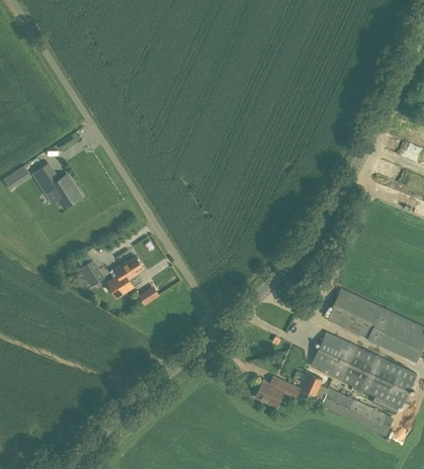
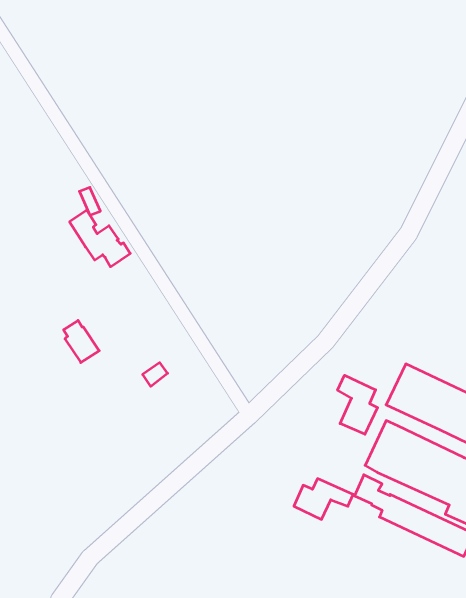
building: [34,164,81,207] -> [70,210,130,267]
building: [108,257,144,297] -> none
building: none -> [338,375,378,434]

